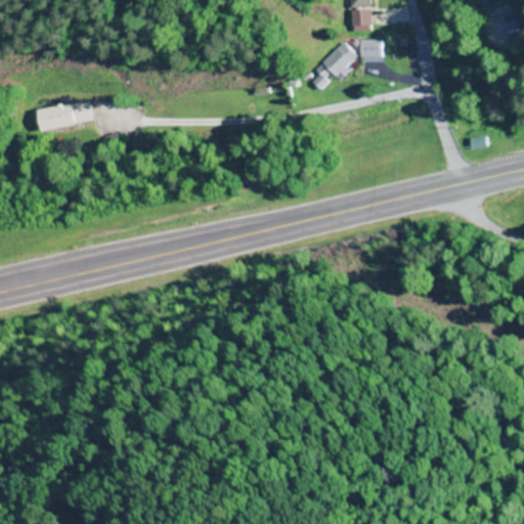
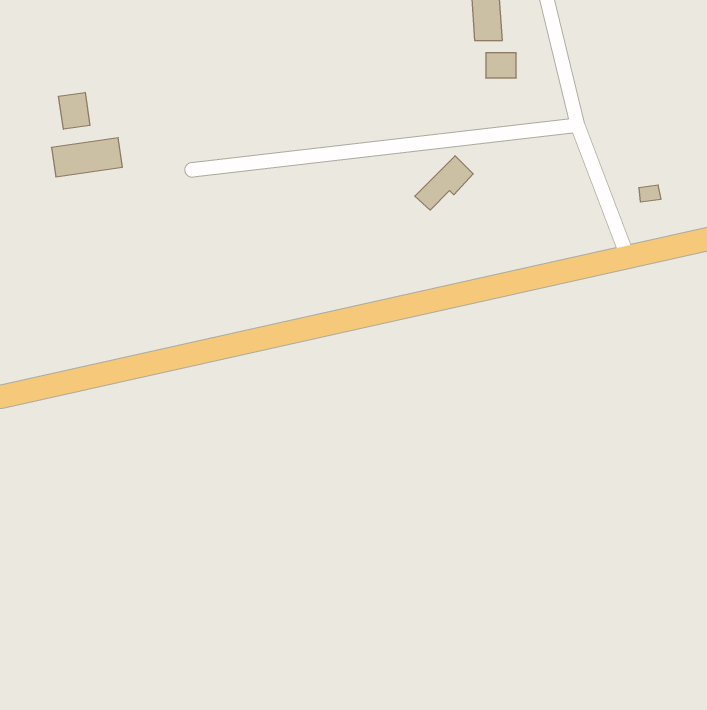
building: [309,48,352,88] -> [415,156,473,210]
building: none -> [59,92,90,129]

